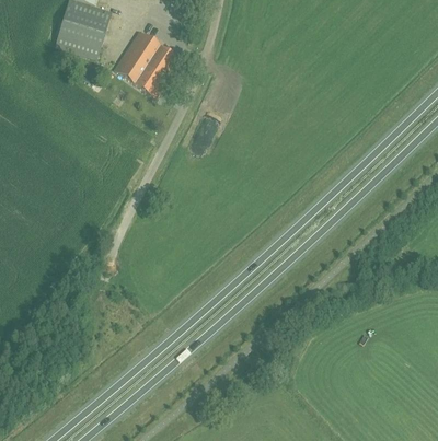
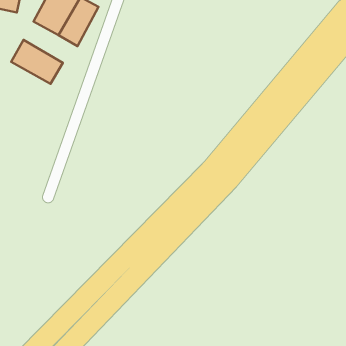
building: none -> [11,40,63,84]

